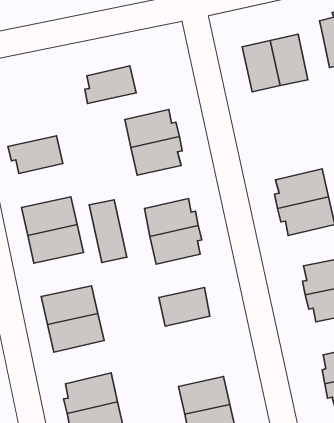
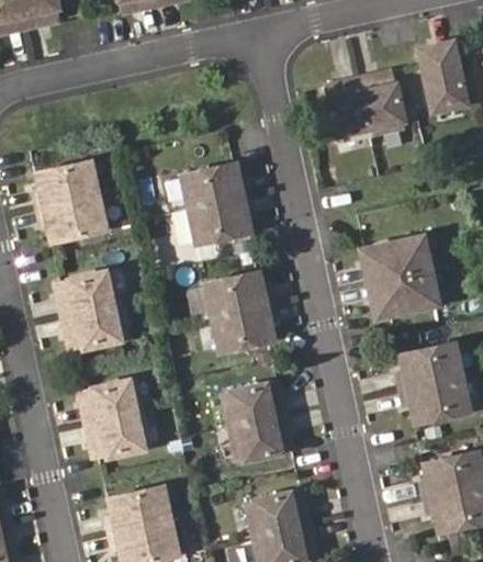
building: [85,66,136,104] -> [34,162,97,209]
building: [89,200,127,263] -> none
building: none -> [229,416,292,462]

